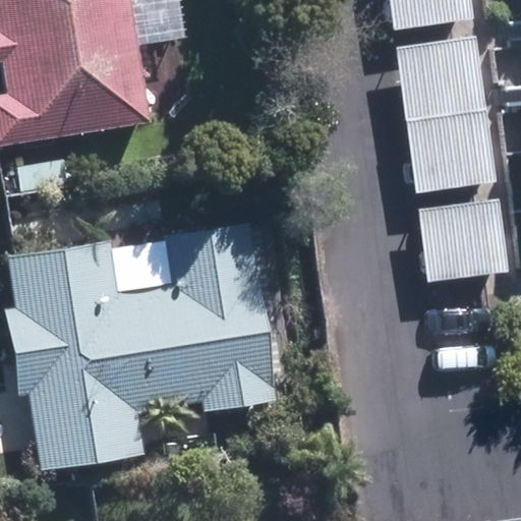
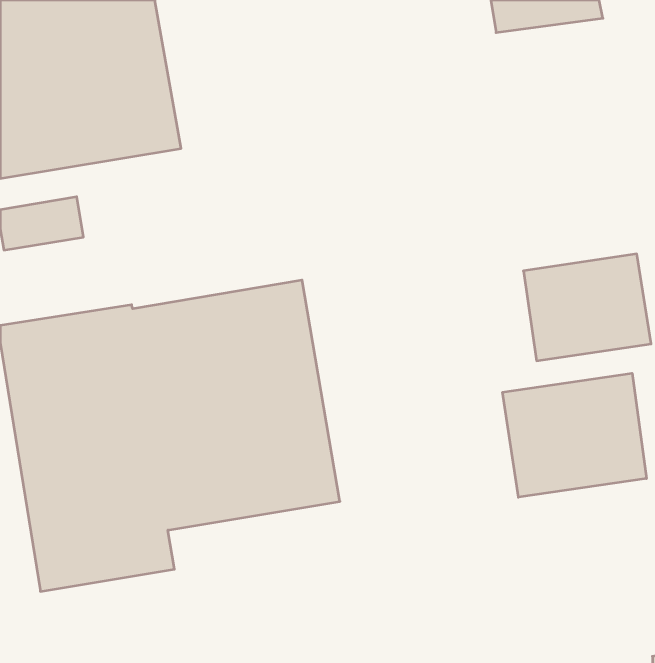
building: [396,40,500,187] -> none
building: none -> [503,373,646,497]

